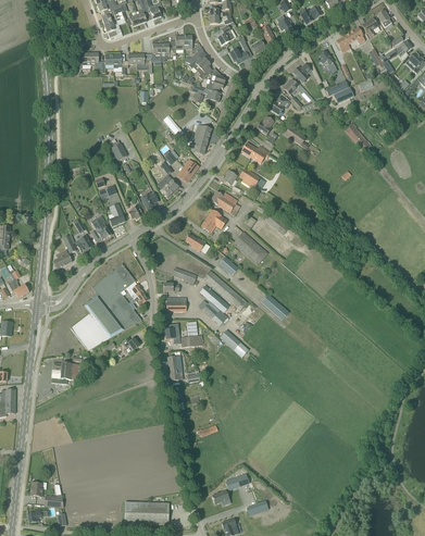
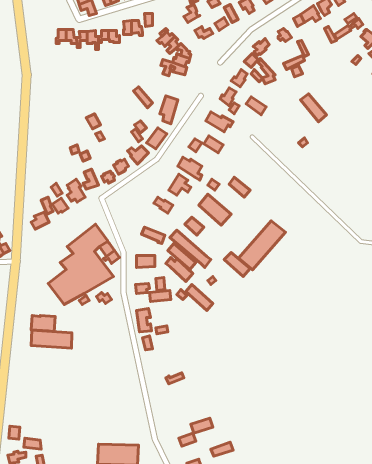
building: none -> [238,221,285,270]
building: none -> [31,330,72,348]

